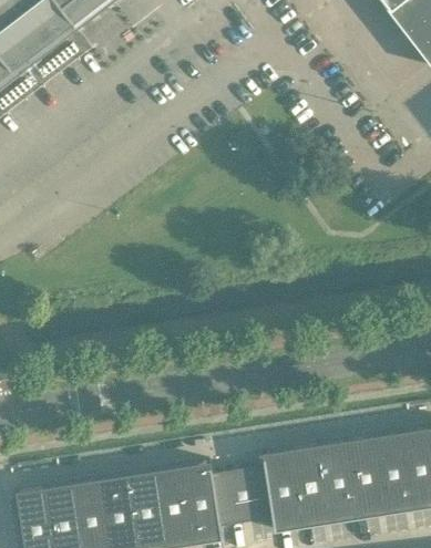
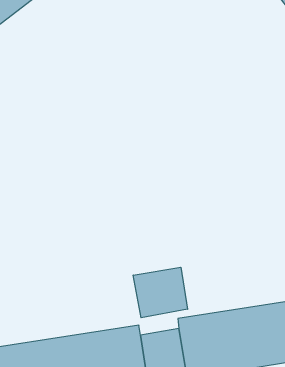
building: none -> [133,267,188,318]

